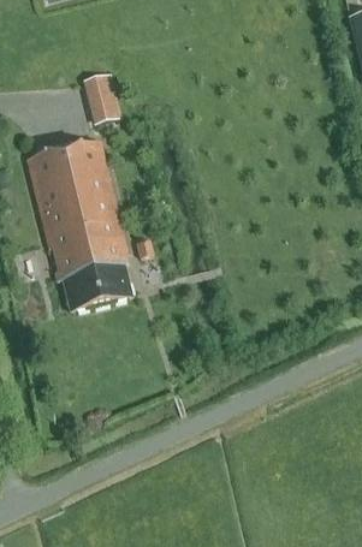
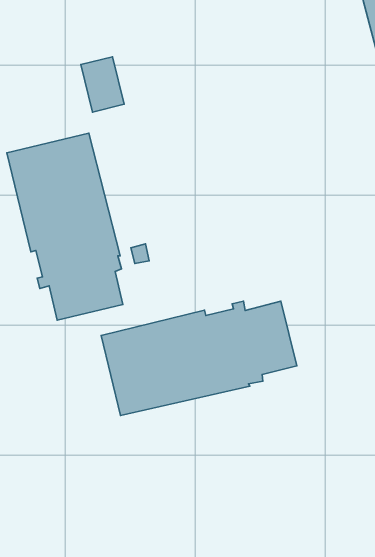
building: none -> [101,301,297,416]

